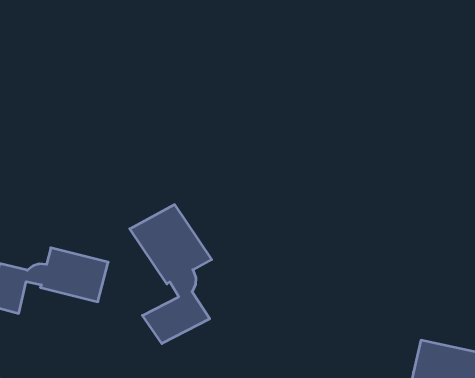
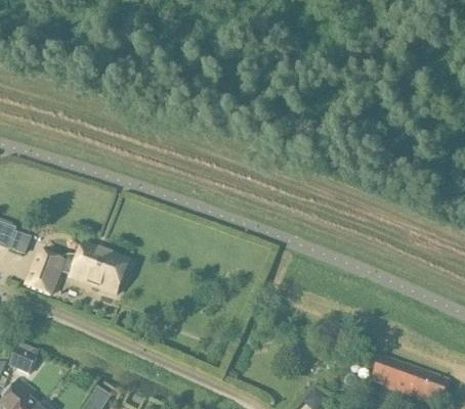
building: [130,205,212,344] -> none

